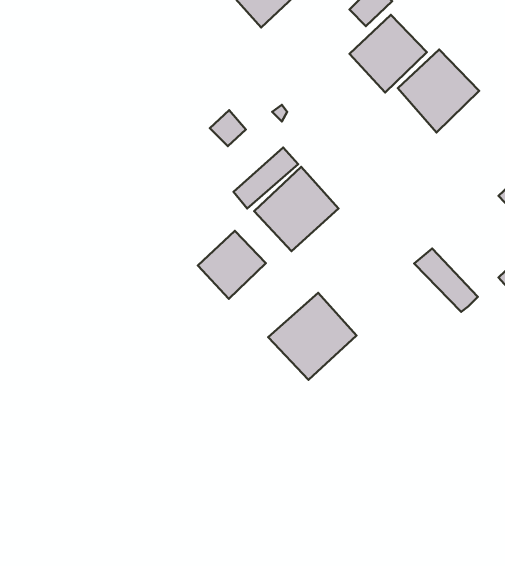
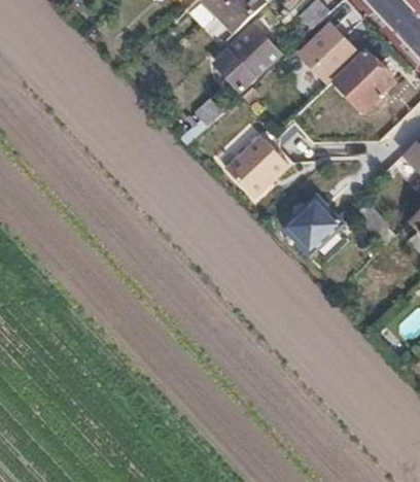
building: none -> [208,32,272,96]
building: [198,231,266,299] -> none
building: [268,293,357,380] -> [283,193,349,257]

